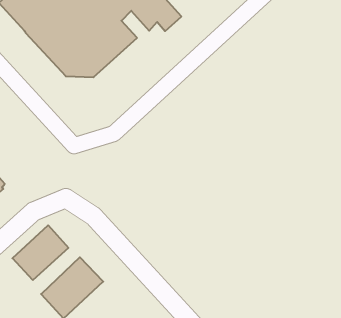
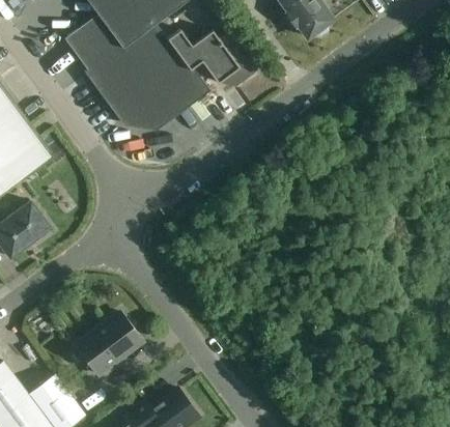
building: [12,225,68,280] -> none

